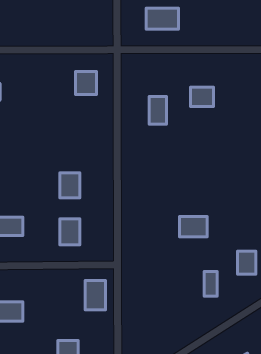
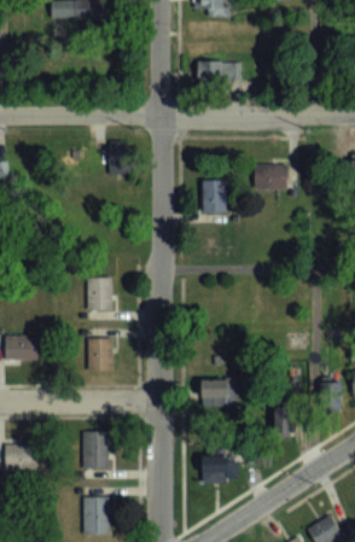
building: [180,217,207,237] -> [200,380,237,407]
building: [85,280,106,310] -> [82,432,109,471]
building: none -> [202,458,238,482]

